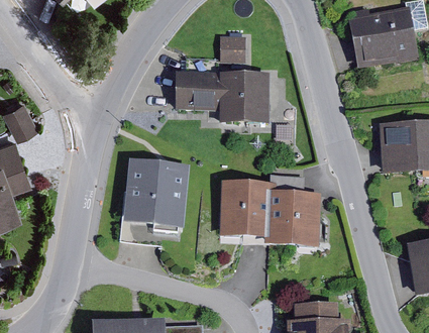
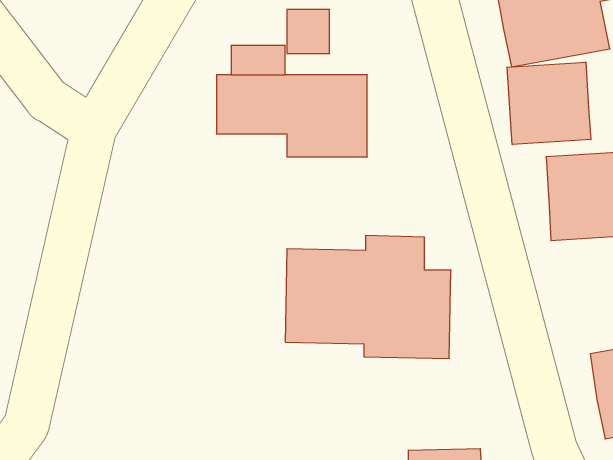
building: none -> [507,62,591,145]
building: [121,159,189,239] -> none

